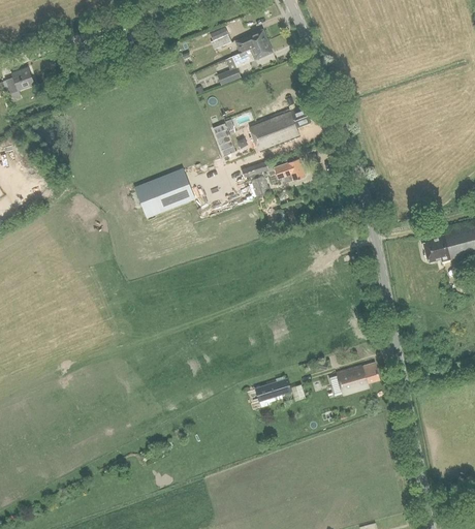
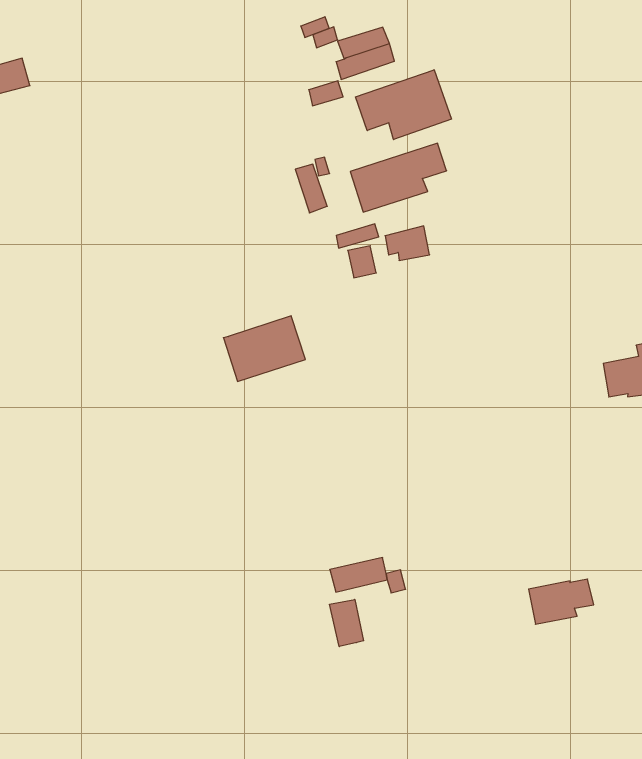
building: none -> [356,70,451,140]
building: [136,169,191,215] -> [223,316,305,381]
building: [336,363,379,395] -> [529,579,594,624]
building: none -> [330,599,364,647]

